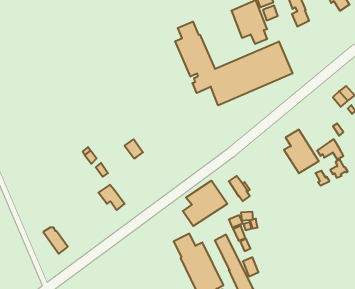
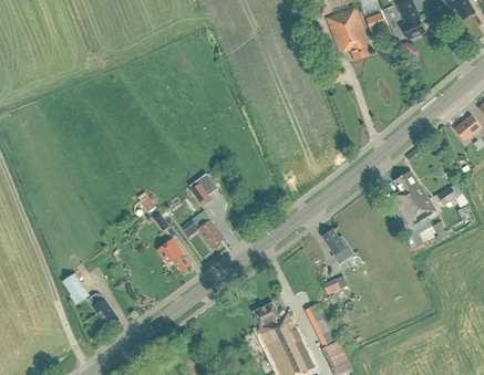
building: [175,22,293,105] -> none
building: none -> [190,210,223,248]
building: [183,181,227,226] -> none
building: none -> [61,273,89,305]

